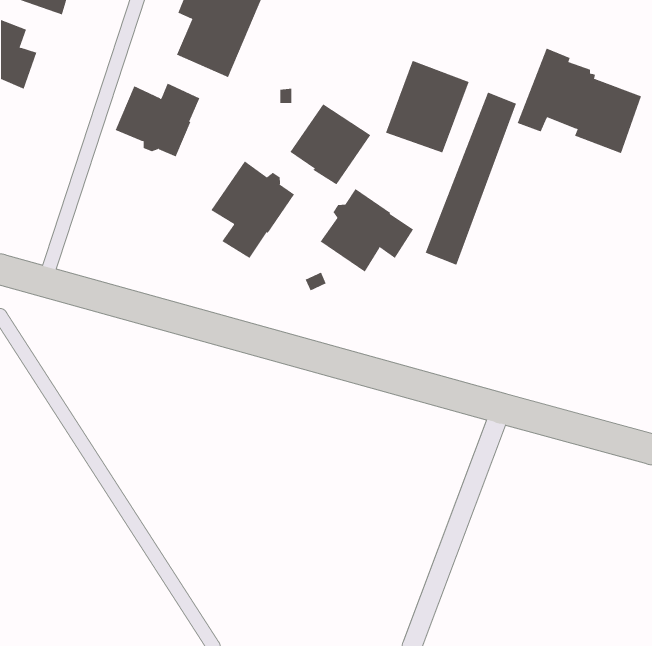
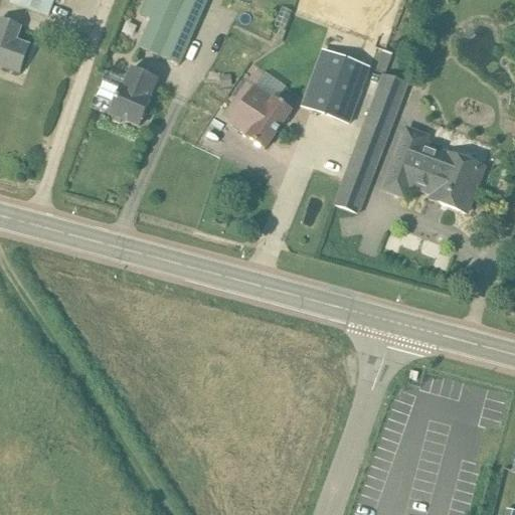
building: [517,48,642,154] -> [384,127,483,210]
building: [211,161,295,259] -> none
building: [320,188,414,272] -> none

